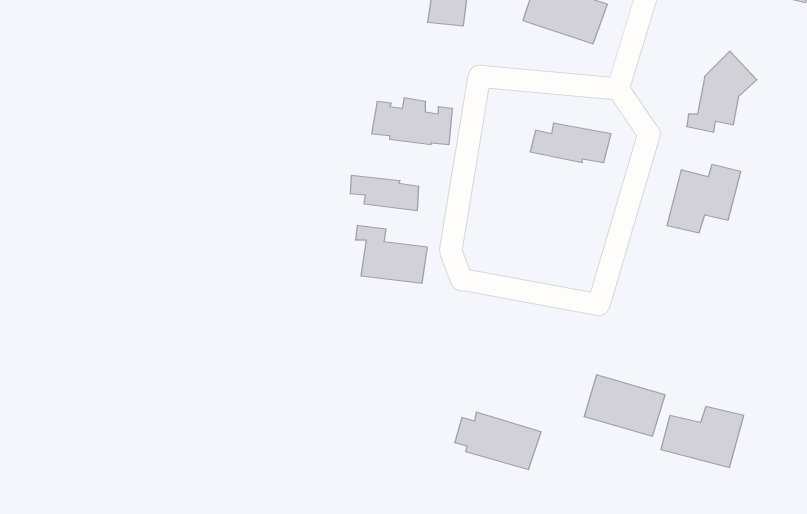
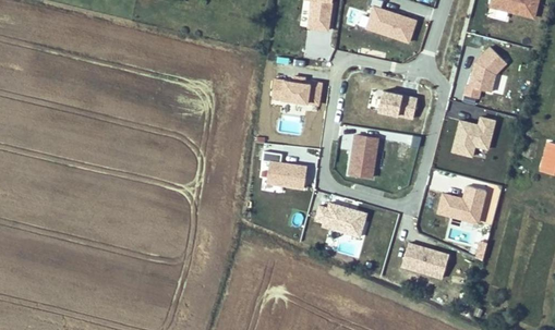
building: [350,175,419,211] -> none
building: none -> [348,135,378,179]
building: [661,406,744,468] -> [437,187,487,224]
building: [455,412,541,470] -> [315,201,367,236]

